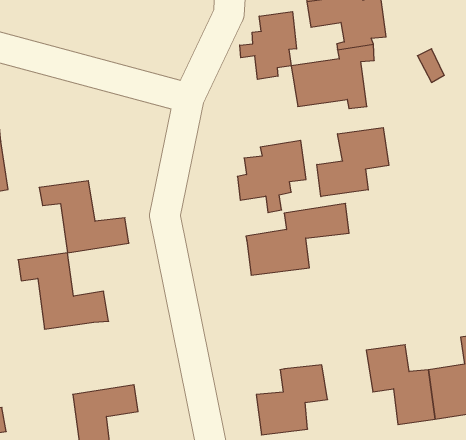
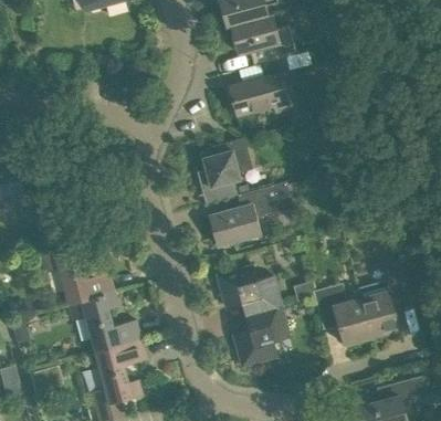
building: [240,12,297,79] -> none
building: [317,128,389,197] -> none
building: [39,181,129,253] -> [69,297,141,354]
building: none -> [217,266,281,314]

